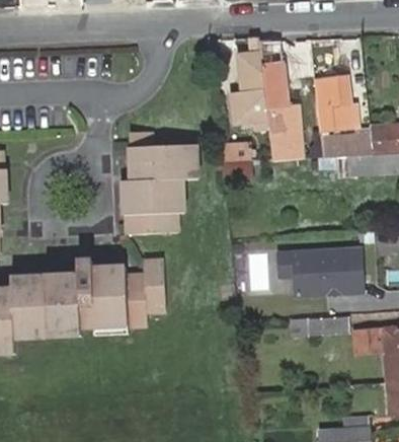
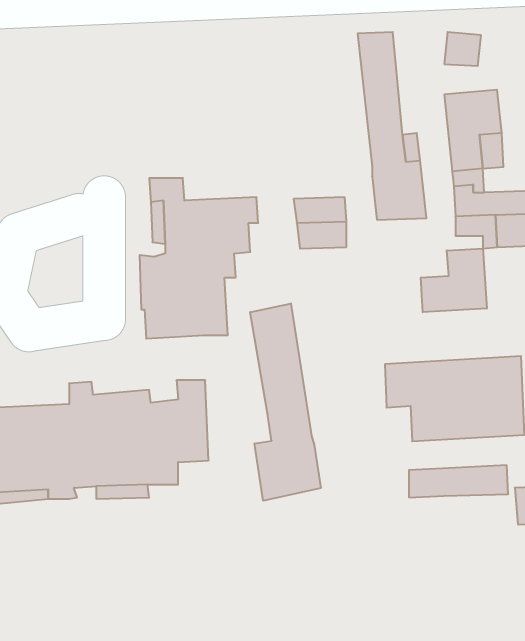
building: [230,34,267,124] -> none
building: none -> [421,249,487,312]
building: none -> [250,303,321,501]

